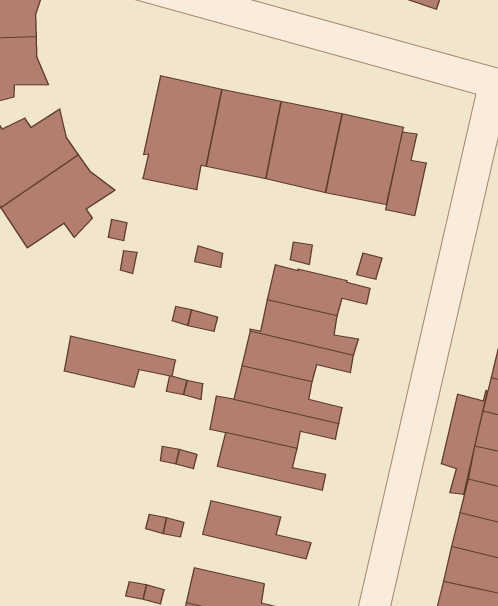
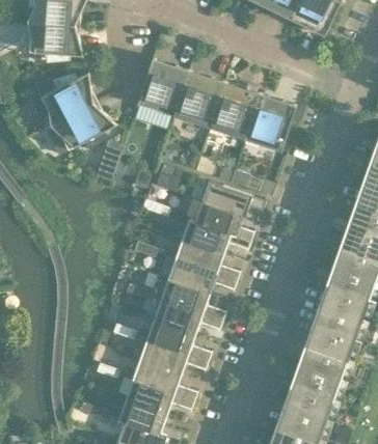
building: [386,132,426,216] -> none
building: [64,336,176,387] -> [154,299,222,334]
building: [441,390,487,495] -> none
building: none -> [139,339,208,373]

